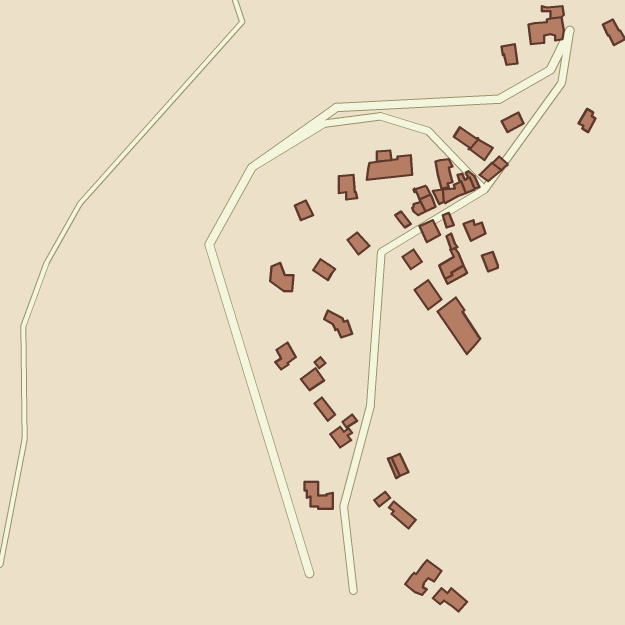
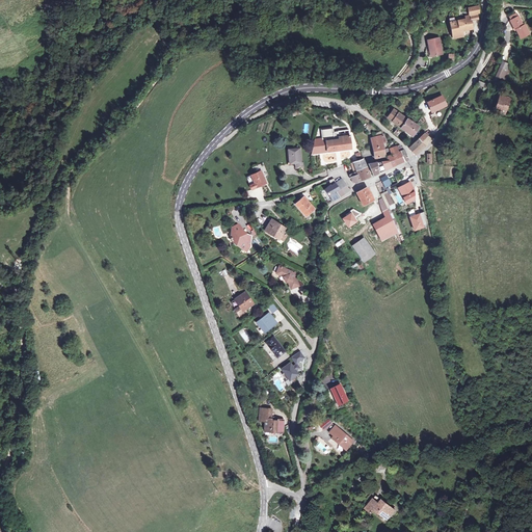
building: [437,298,480,354] -> none
building: [405,560,442,595] -> none

